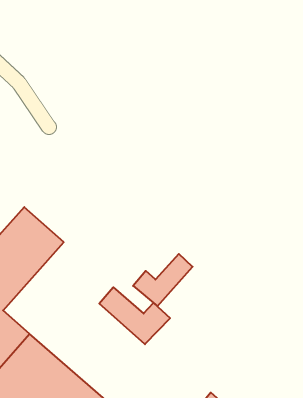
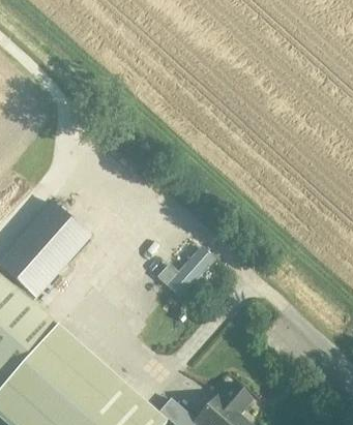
building: [99,287,170,344] -> none

